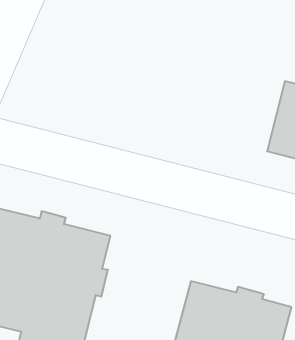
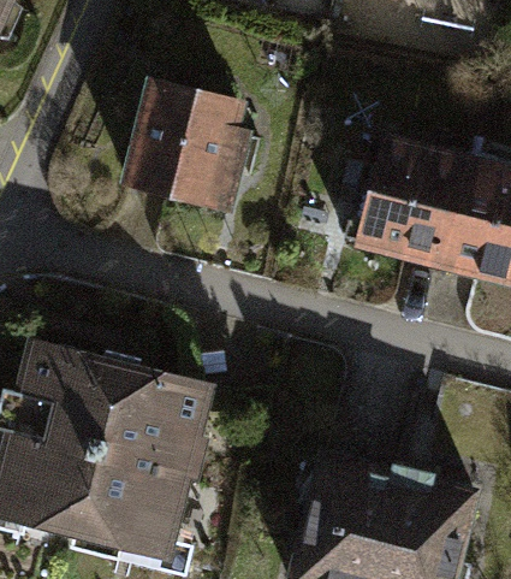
building: none -> [129,82,246,209]
building: none -> [343,137,465,262]

